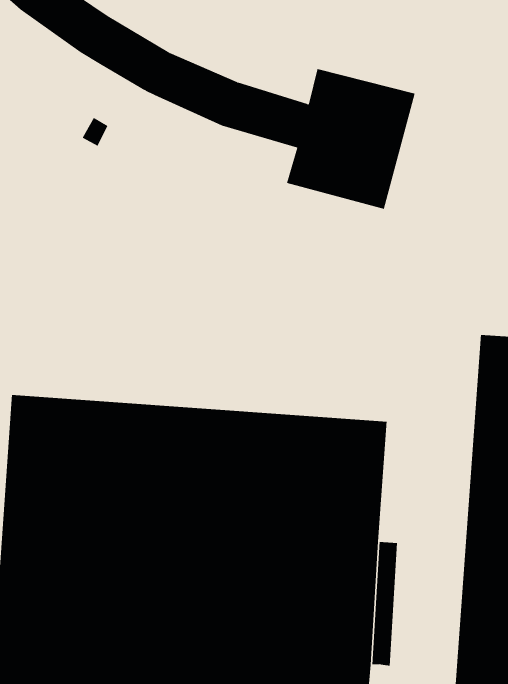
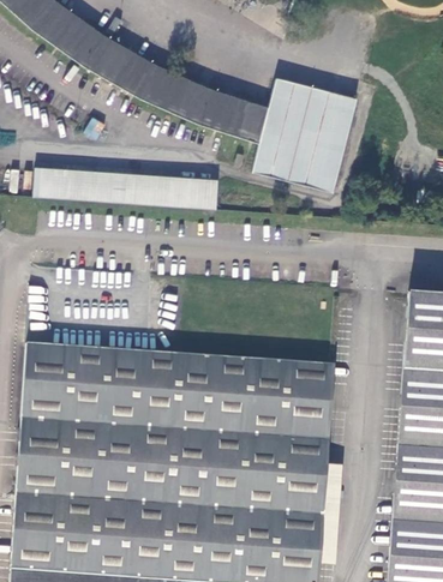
building: none -> [31,167,216,208]

